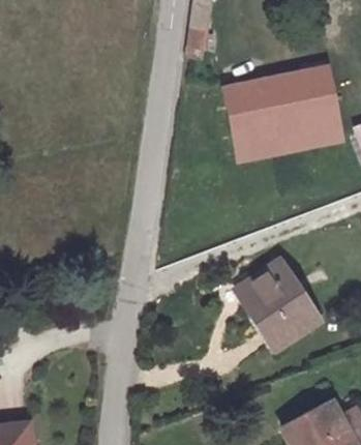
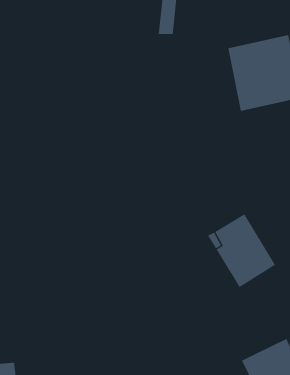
building: [230,71,278,151] -> none

